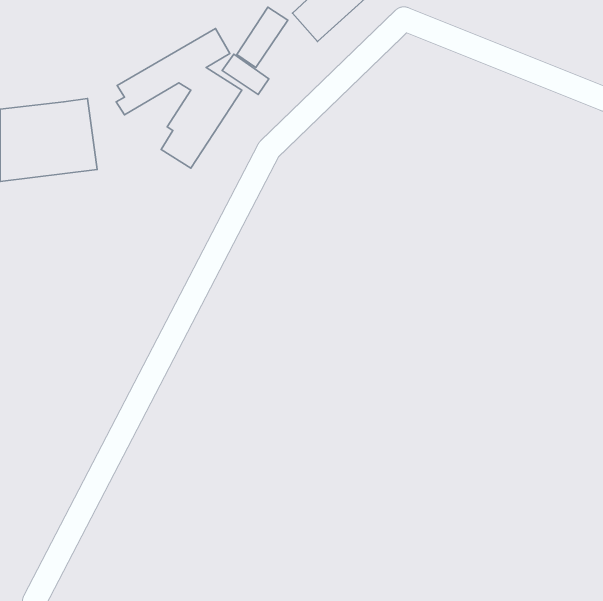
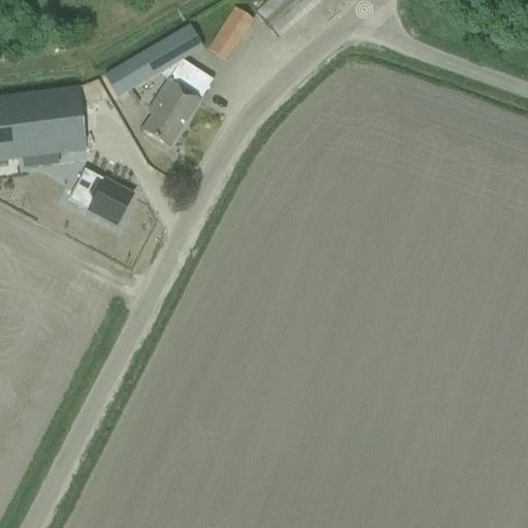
building: [222,54,269,95] -> none
building: none -> [76,168,133,224]

